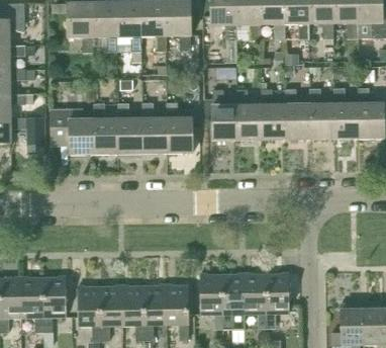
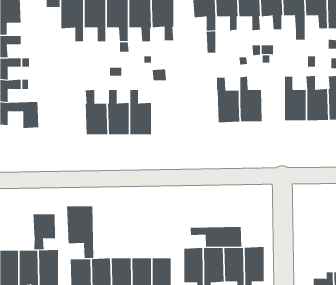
building: [285,89,309,139] -> none
building: [211,90,237,140] -> none
building: [166,103,191,153] -> none
building: [50,109,94,154] -> none
building: none -> [66,206,94,259]
building: none -> [33,213,56,250]
building: none -> [190,226,242,248]

